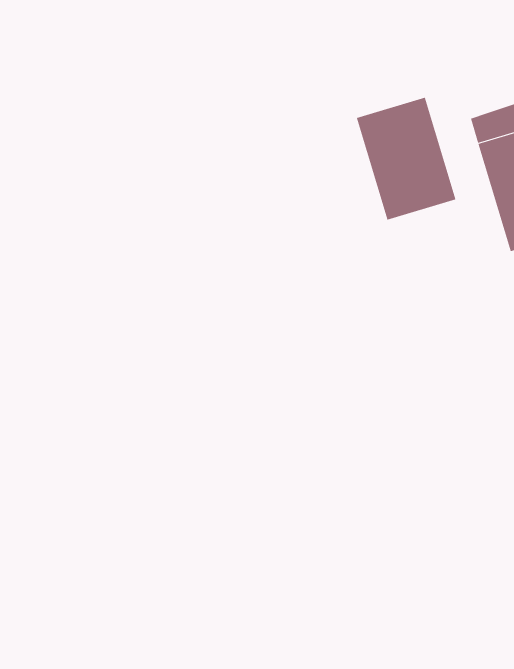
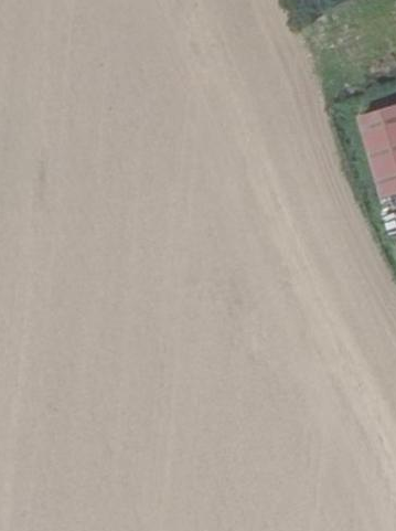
building: [356,97,456,221] -> none

